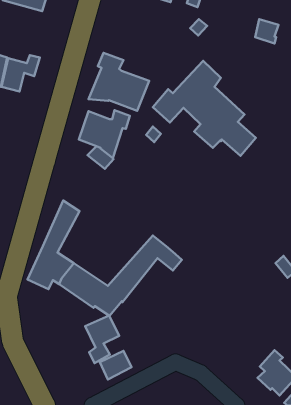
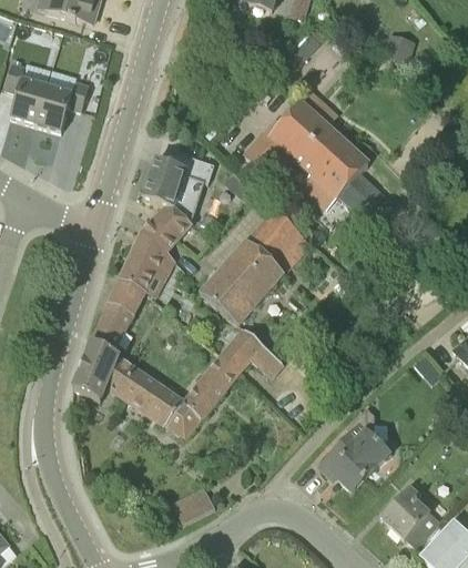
building: [88,53,149,111] -> none
building: none -> [200,207,309,325]
building: none -> [121,231,166,294]
building: none -> [327,406,388,489]
building: [85,316,119,363] -> none

